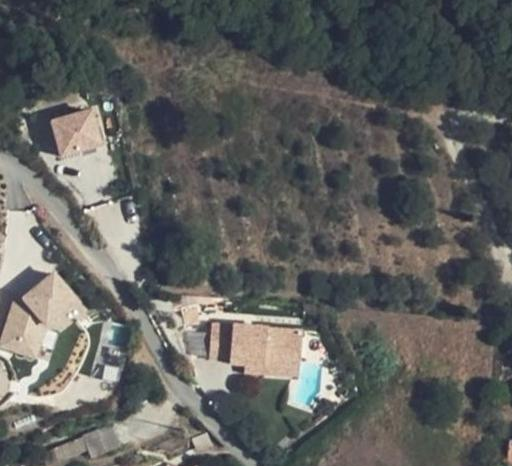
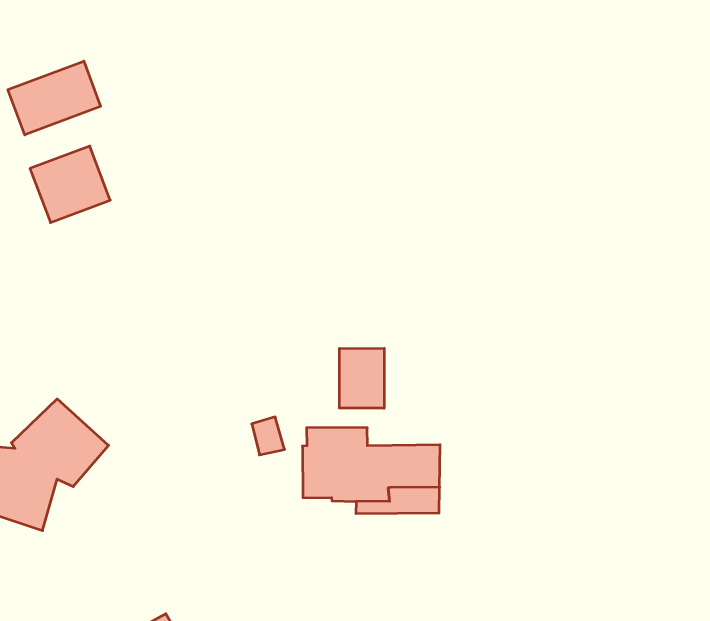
building: none -> [8,61,101,135]
building: none -> [339,348,384,408]

